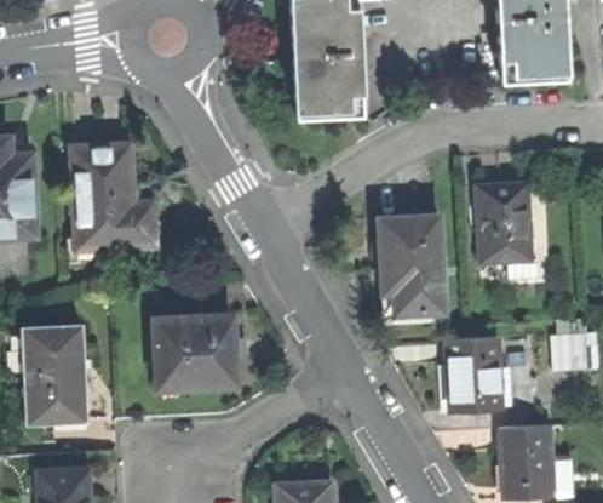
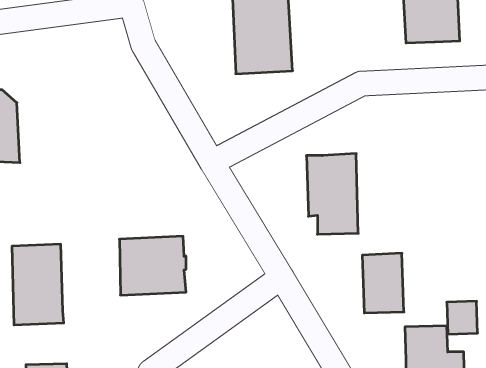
building: [70,144,150,246] -> none
building: [478,181,549,286] -> none
building: [552,332,590,372] -> [447,301,478,334]

